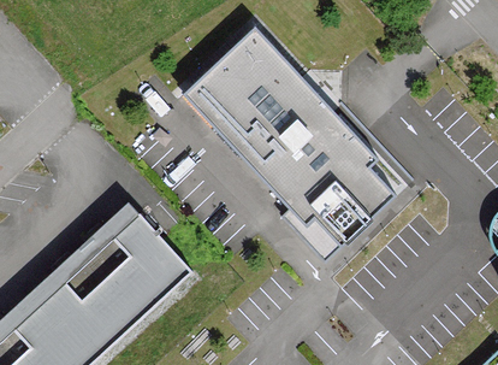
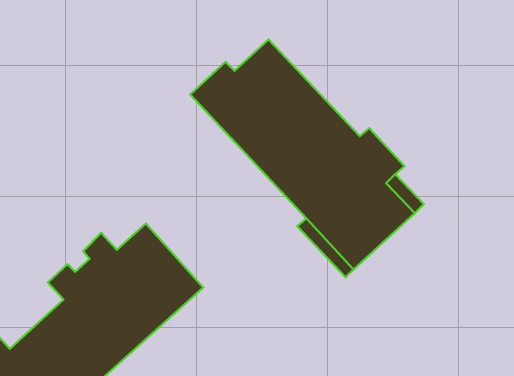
building: [214,25,346,131] -> none

